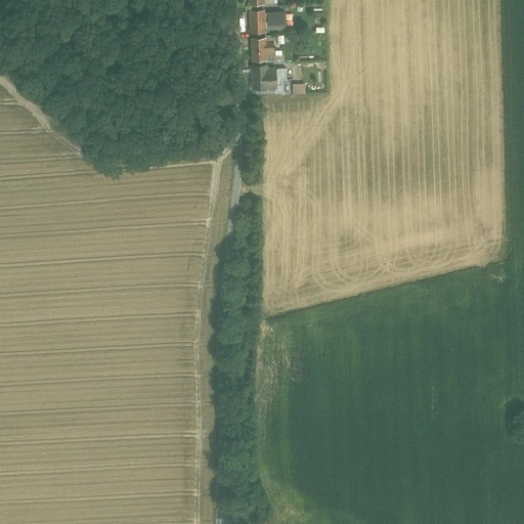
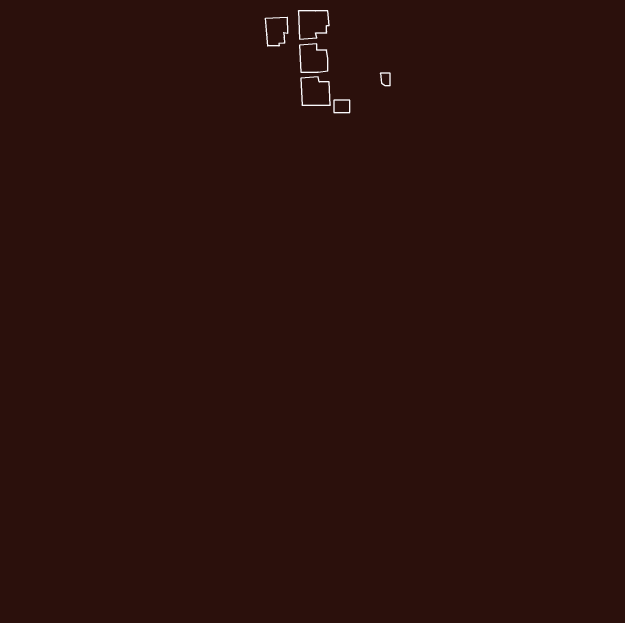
building: none -> [266,17,288,46]

